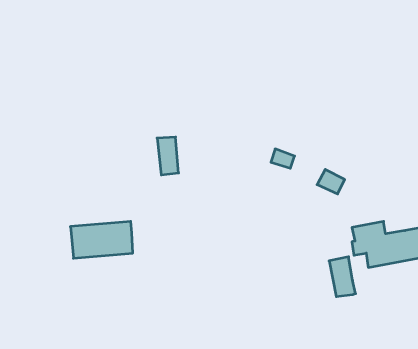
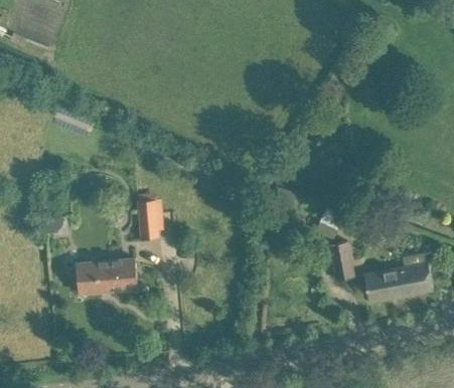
building: [157,137,179,175] -> [137,202,158,239]
building: [329,257,356,297] -> [330,240,356,279]

